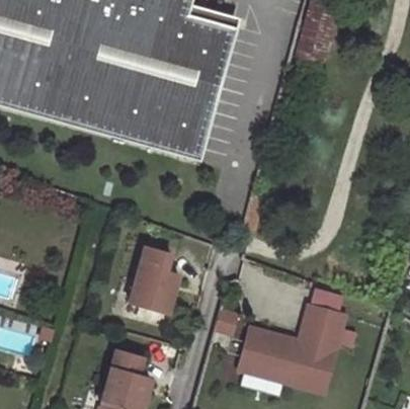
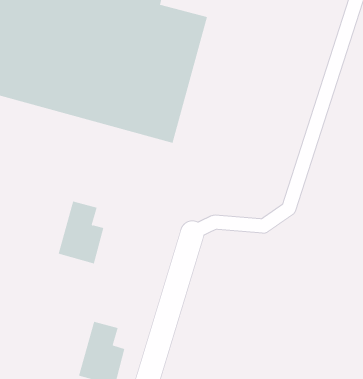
building: [132,240,180,307] -> [58,201,104,264]
building: [239,304,346,392] -> none

